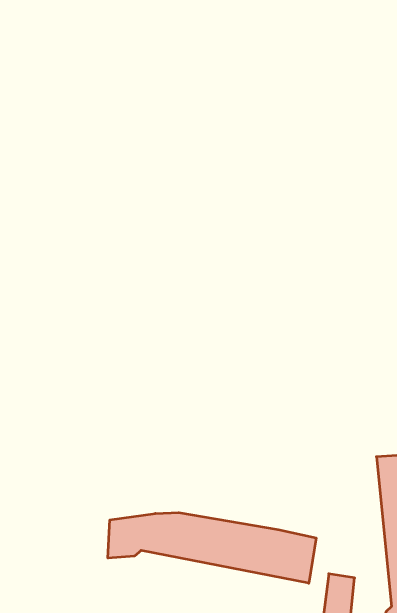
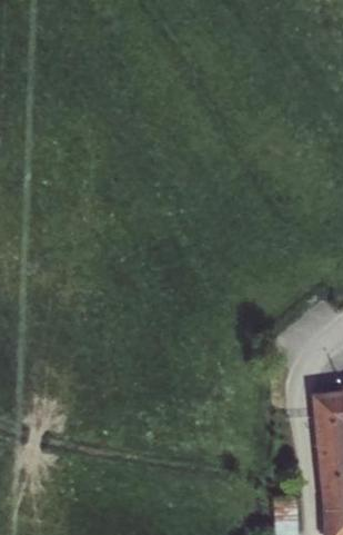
building: [108,513,316,583] -> none

